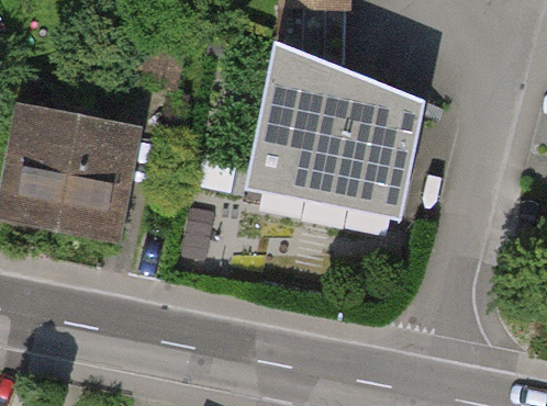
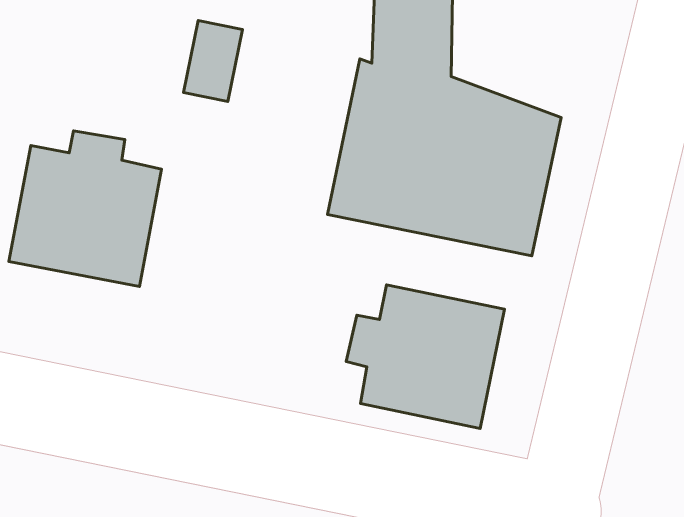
building: none -> [346,285,505,428]

